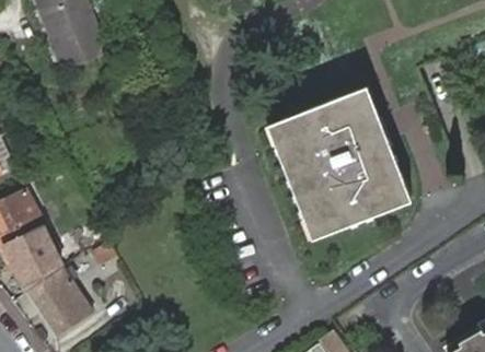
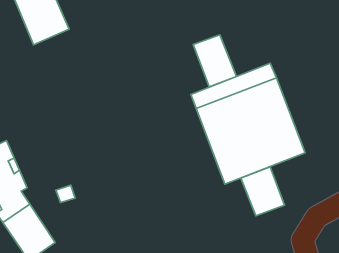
building: none -> [193,35,236,87]
building: none -> [241,167,285,216]

